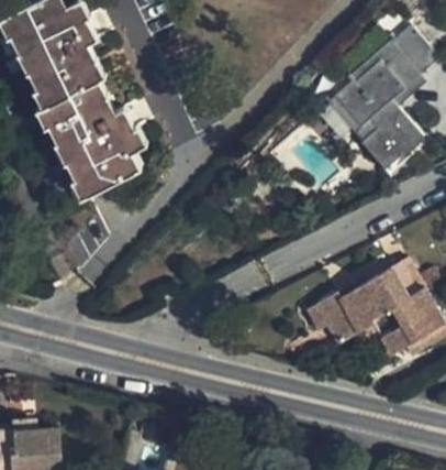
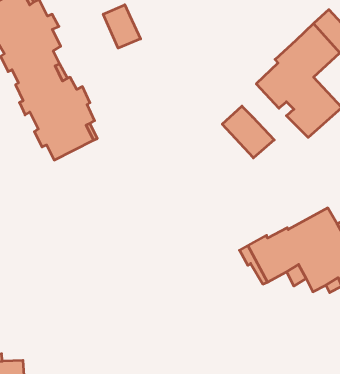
building: none -> [103,5,141,48]
building: none -> [222,106,274,158]

